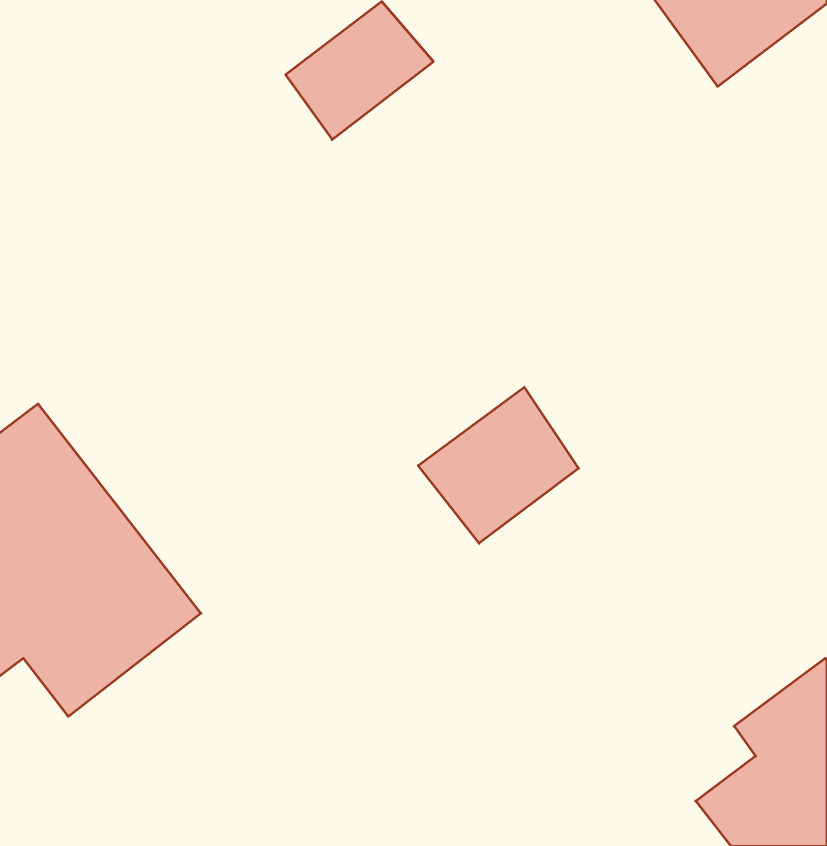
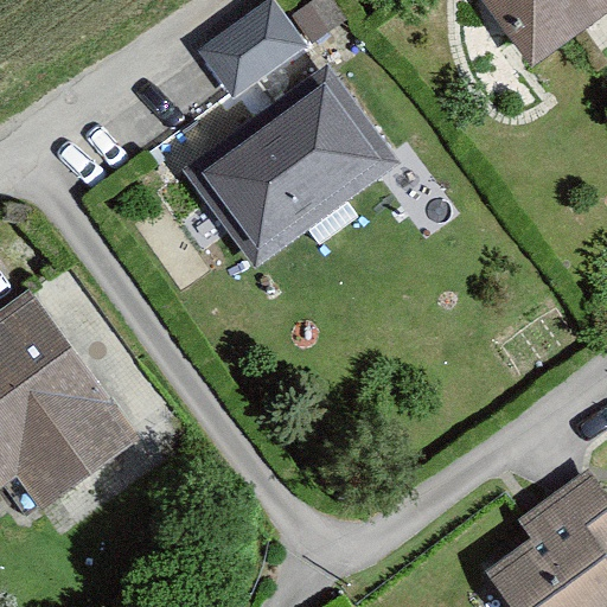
building: none -> [185,70,397,270]
building: [418,387,579,543] -> none

